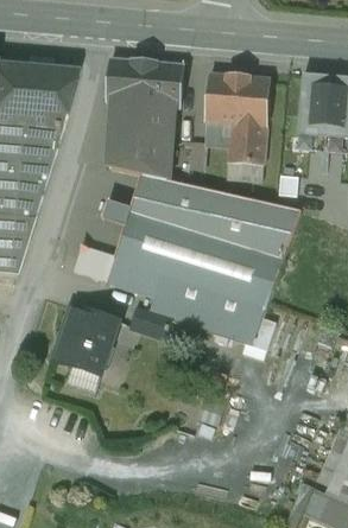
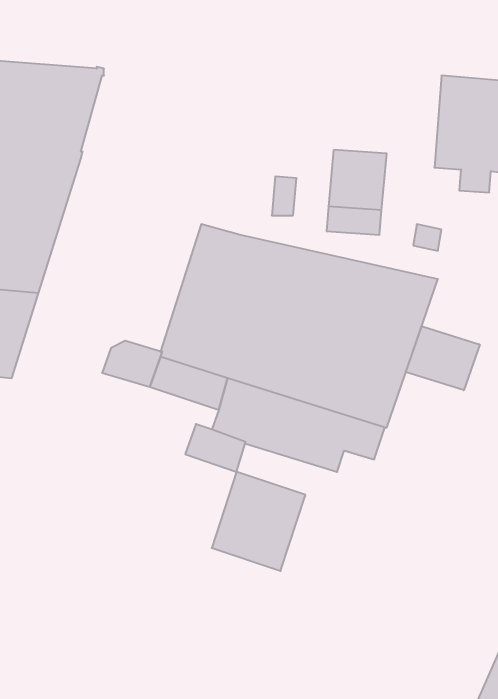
building: [107,57,184,179] -> none
building: [205,72,270,125] -> none
building: none -> [406,326,480,390]
building: [55,306,118,373] -> [212,472,305,571]

